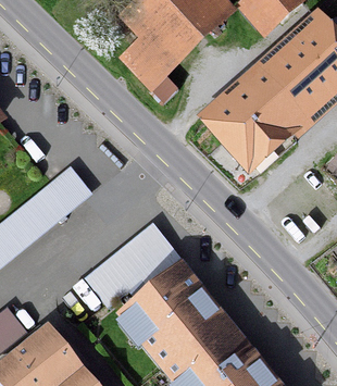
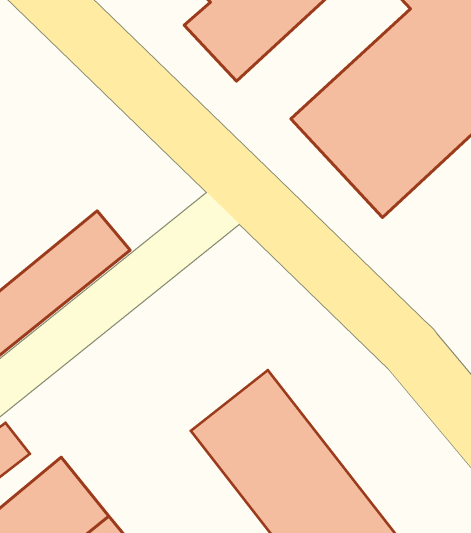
building: [83,233,170,308] -> none

